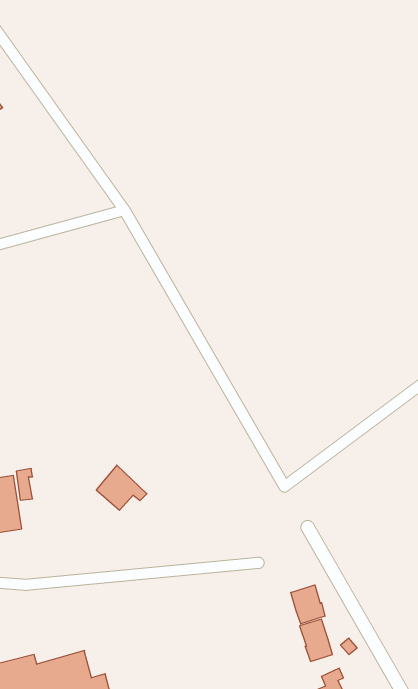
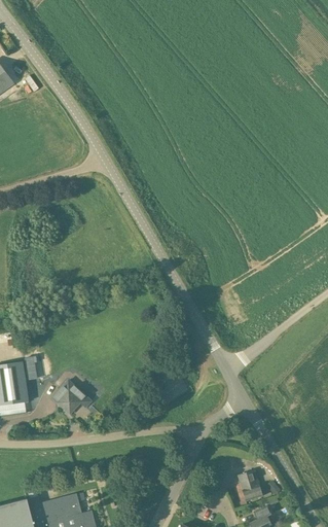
building: [96,465,147,510] -> [51,380,89,414]
building: [291,585,325,624] -> none

